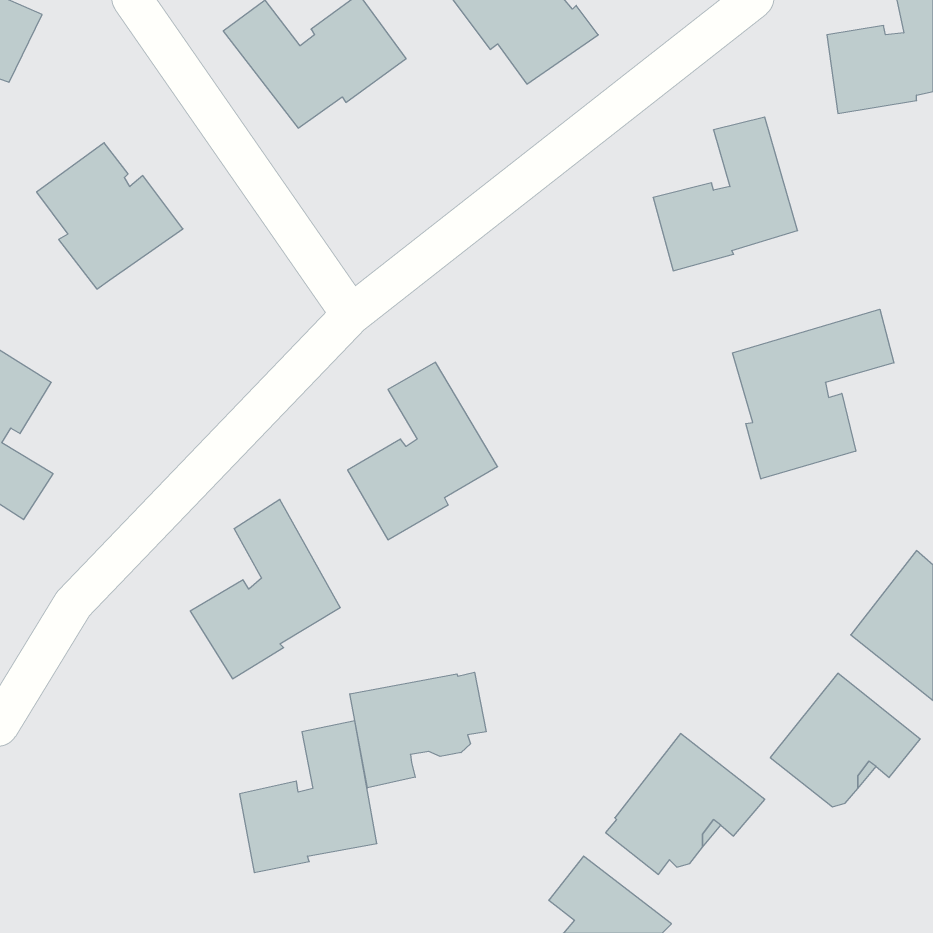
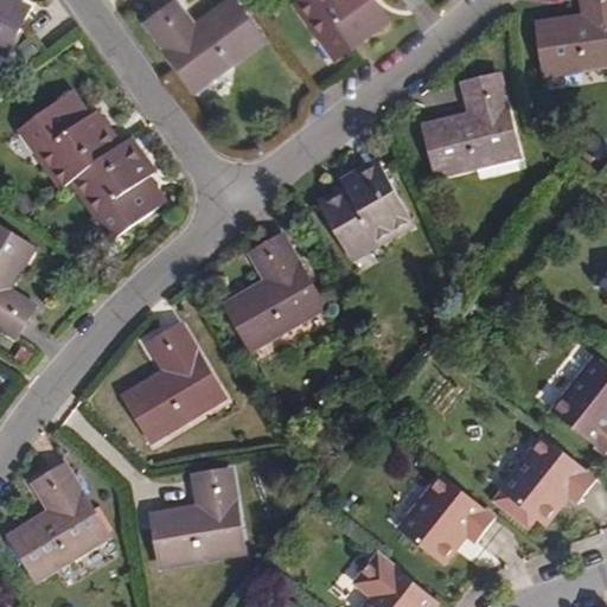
building: none -> [71,140,165,236]
building: none -> [319,159,411,254]
building: [732,309,894,479] -> none
building: [350,672,486,788] -> none
building: none -> [11,466,104,581]

